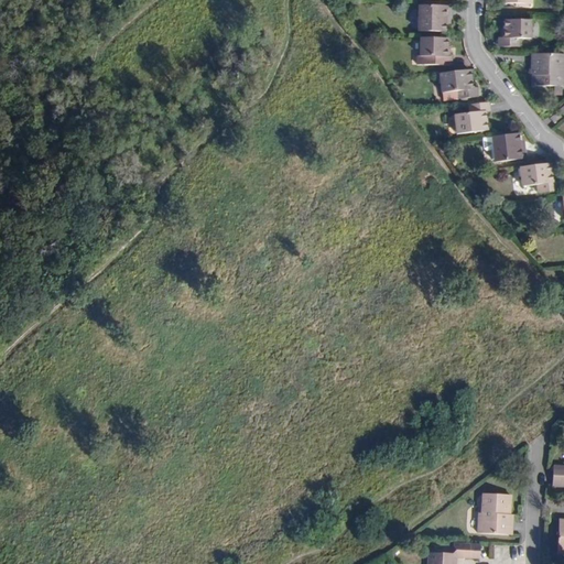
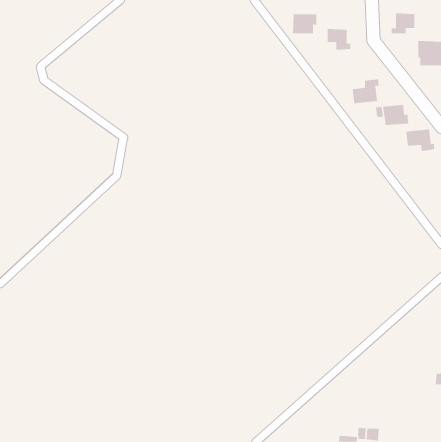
building: [416,4,448,30] -> [292,14,317,34]
building: [437,68,475,99] -> none
building: [481,497,514,536] -> none

